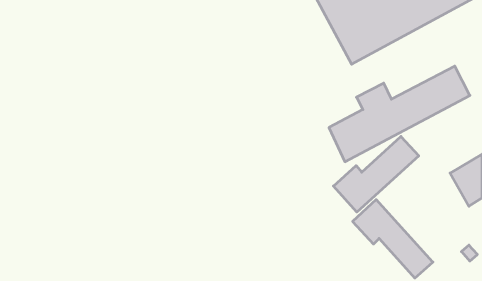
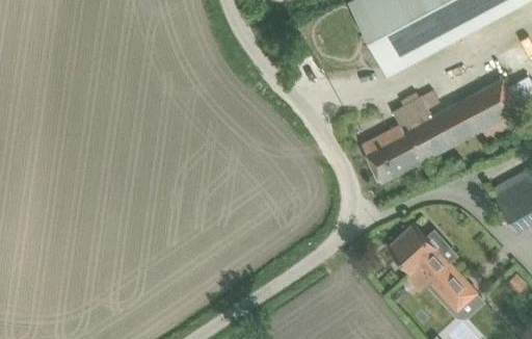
building: [333,136,419,212] -> none

